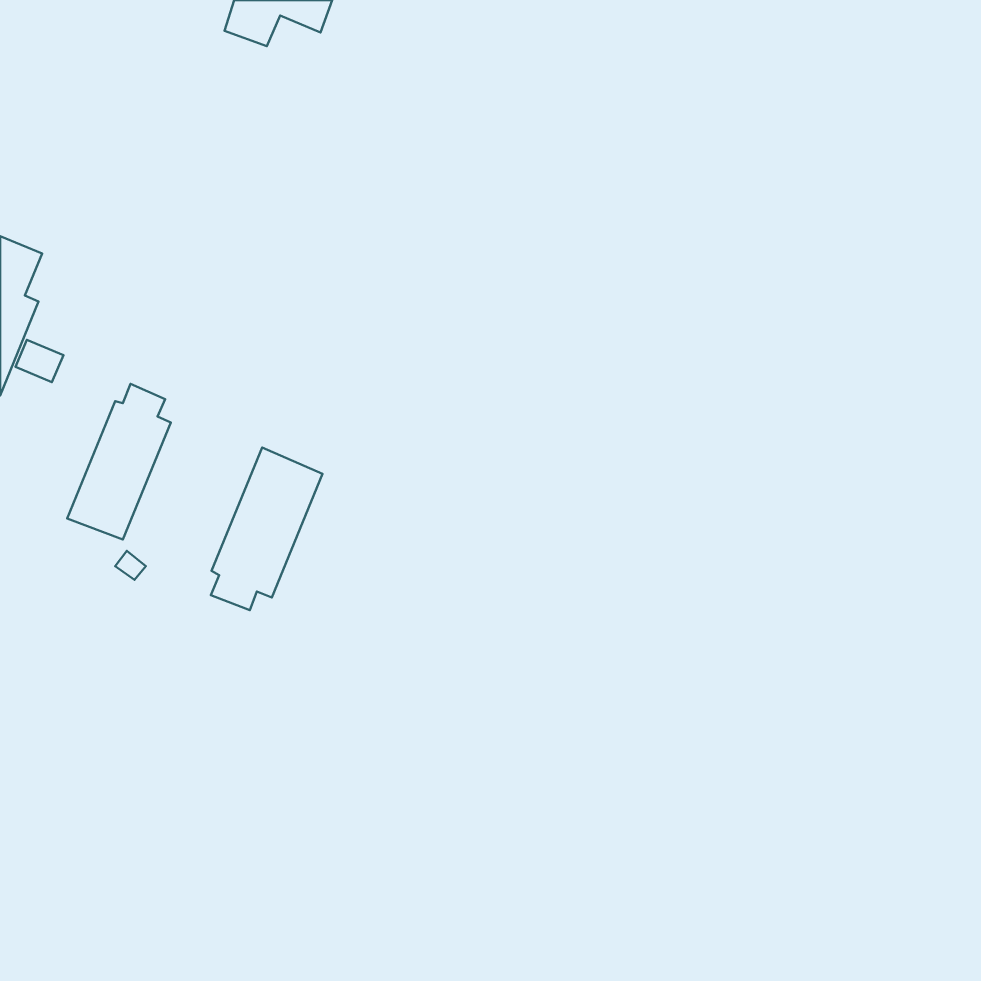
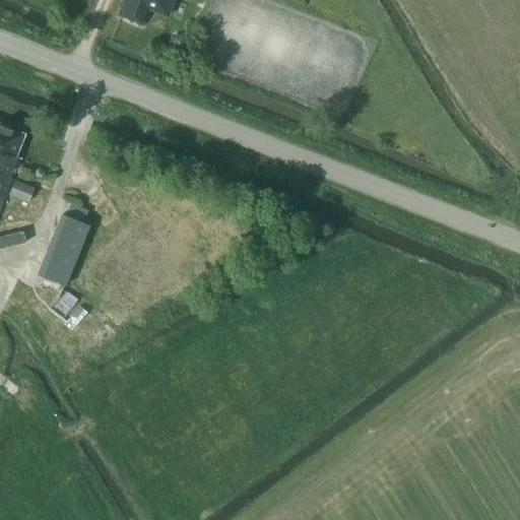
building: [211,447,322,610] -> none

